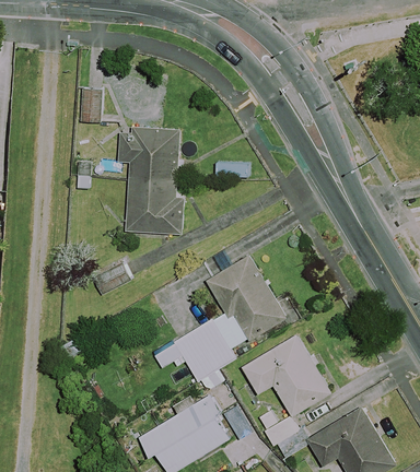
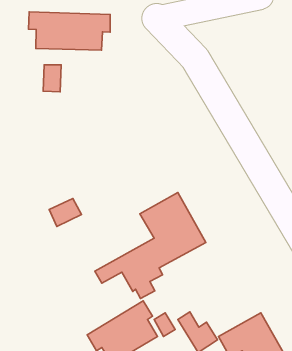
building: none -> [29,12,110,50]
building: [121,126,186,234] -> none
building: [243,333,332,415] -> none

